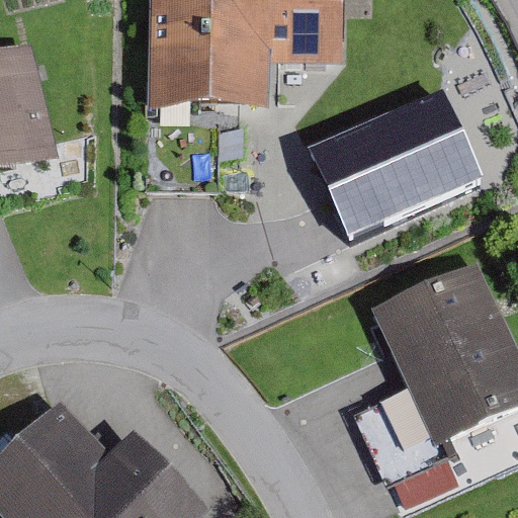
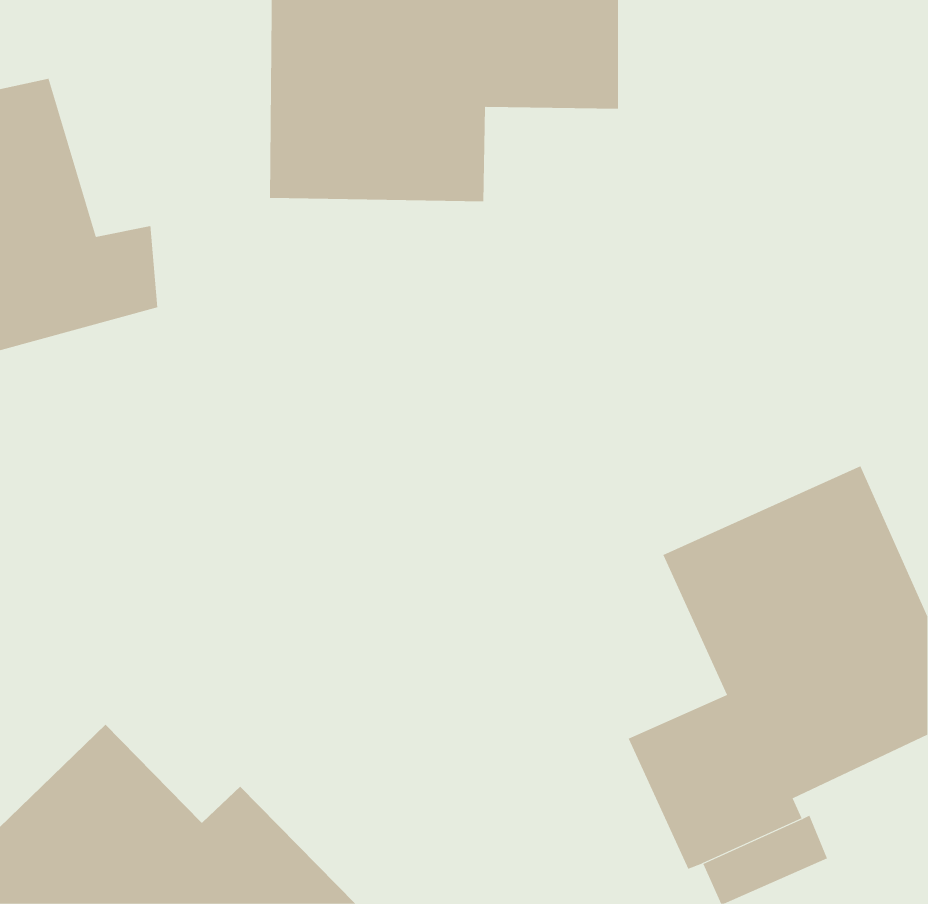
building: [328,94,477,234] -> none

